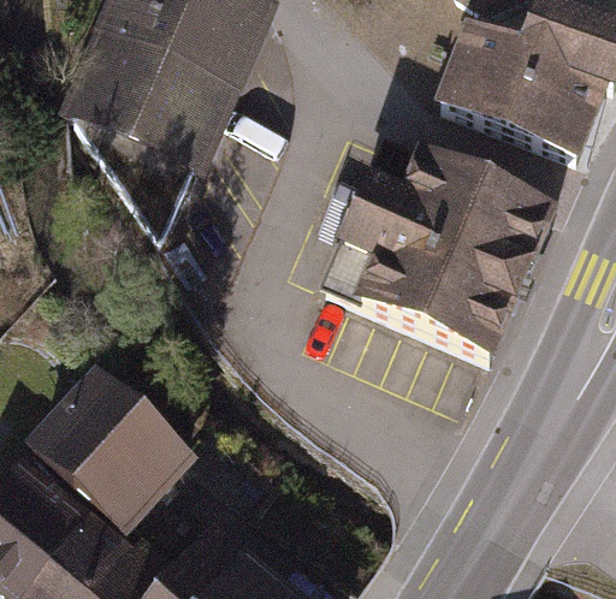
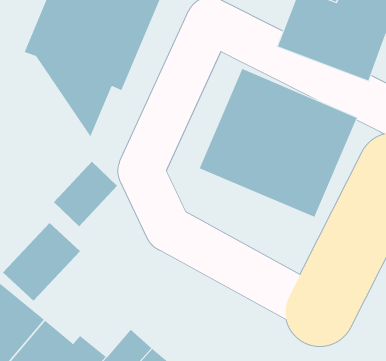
building: none -> [53,161,118,227]
building: [75,407,197,530] -> none

